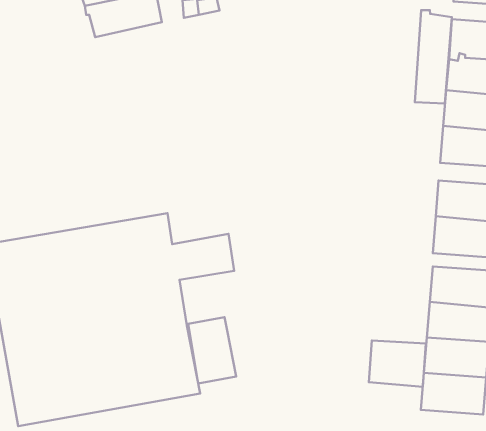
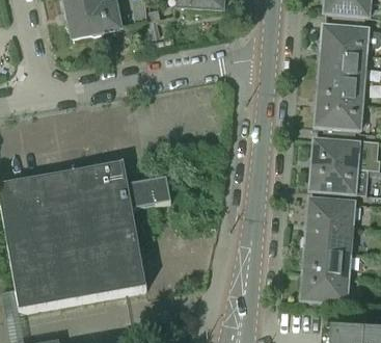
building: [415,10,452,104] -> none
building: [188,317,236,383] -> none
building: [369,341,426,387] -> none

